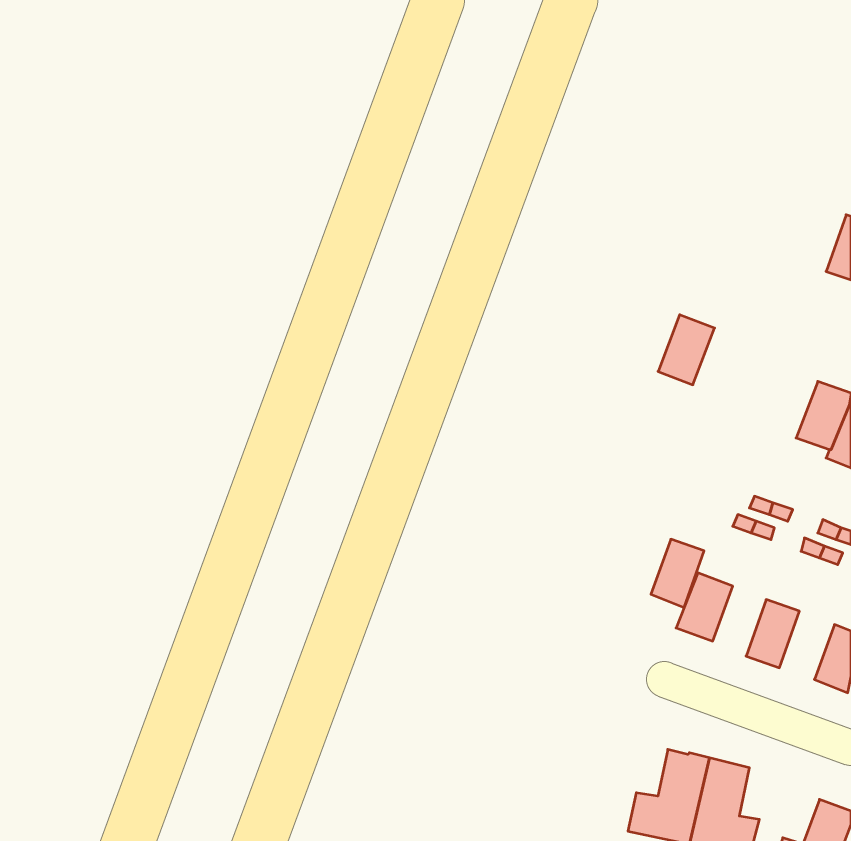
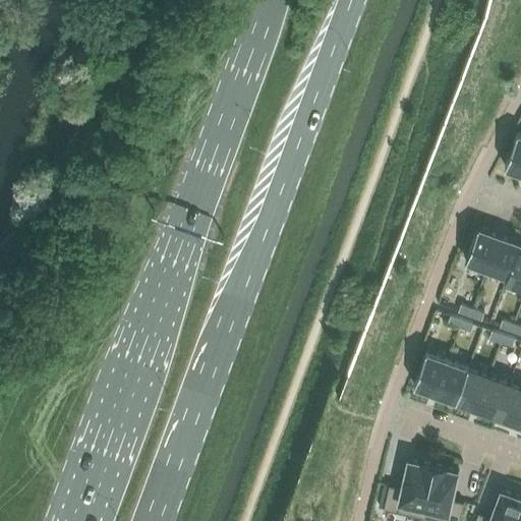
building: [658,315,715,385] -> [465,231,500,274]
building: [651,539,704,608] -> [436,365,468,407]
building: none -> [476,380,510,421]

